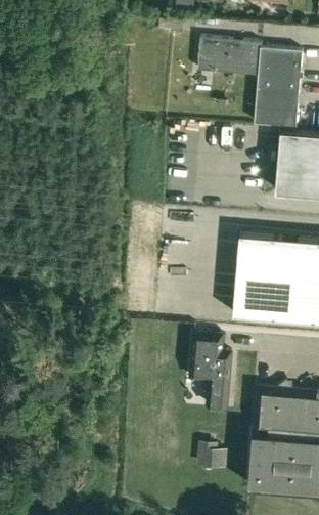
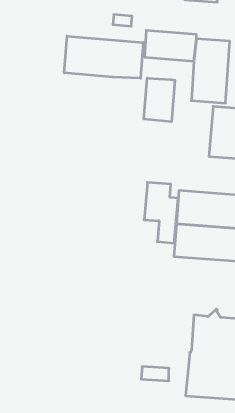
building: none -> [64,36,143,78]
building: none -> [144,78,175,122]
building: [190,335,232,410] -> [144,182,178,243]

